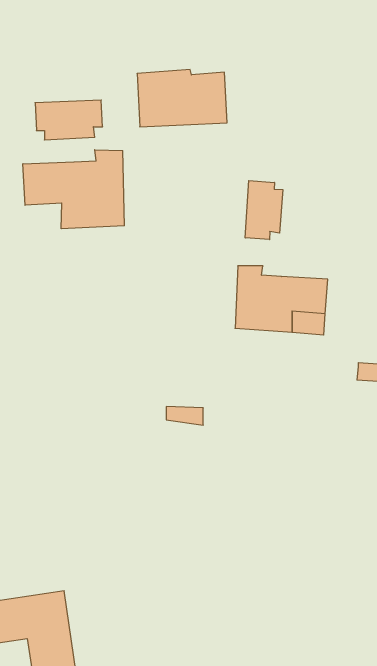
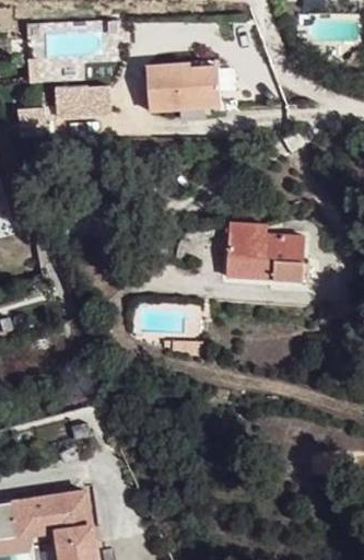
building: [23,150,124,229] -> none
building: [245,181,283,240] -> none

